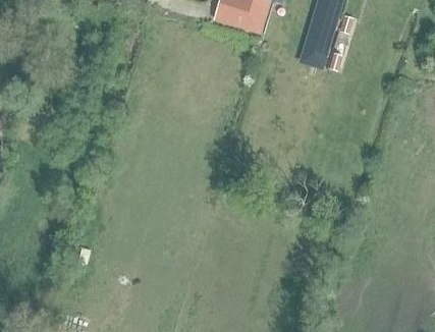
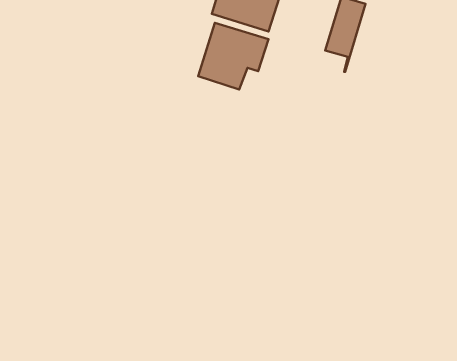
building: none -> [198,23,269,90]

